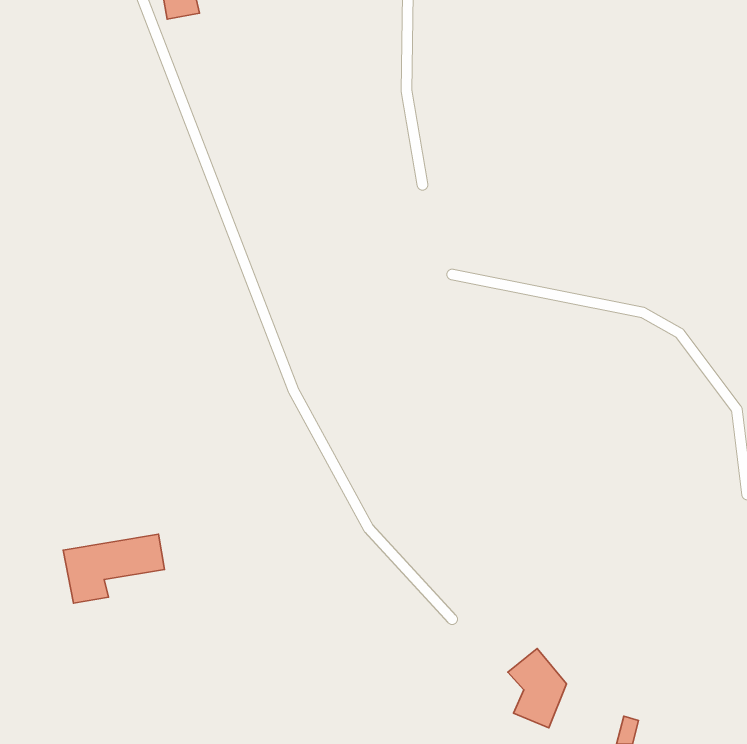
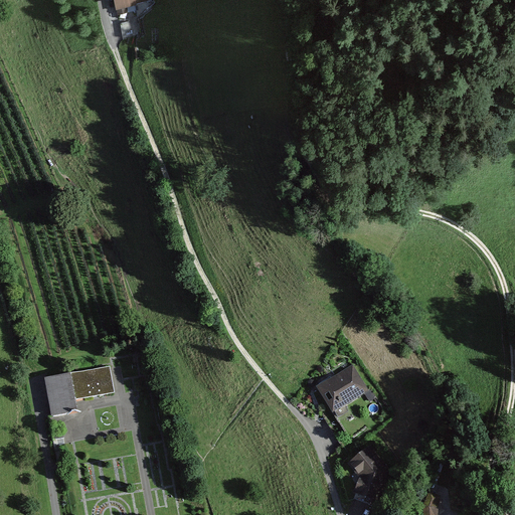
building: none -> [315,366,365,412]

